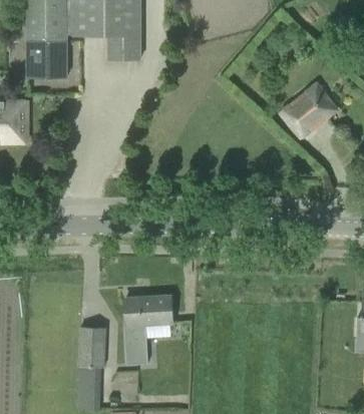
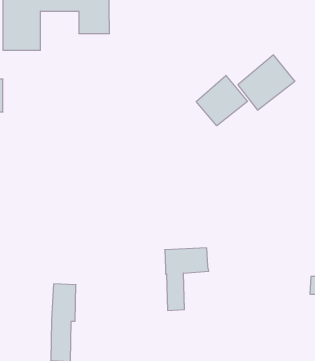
building: none -> [196,75,247,126]
building: [125,297,172,364] -> [165,248,209,310]

